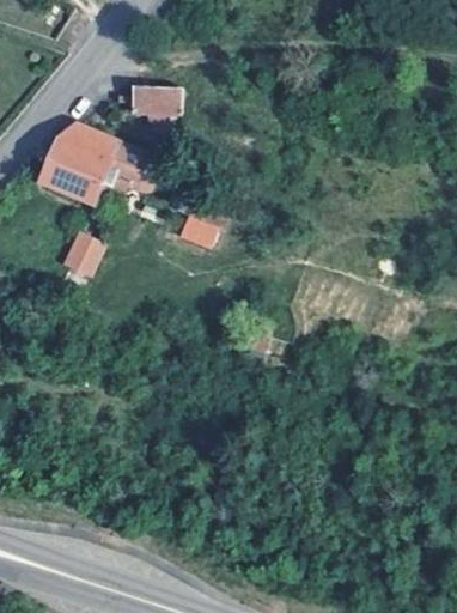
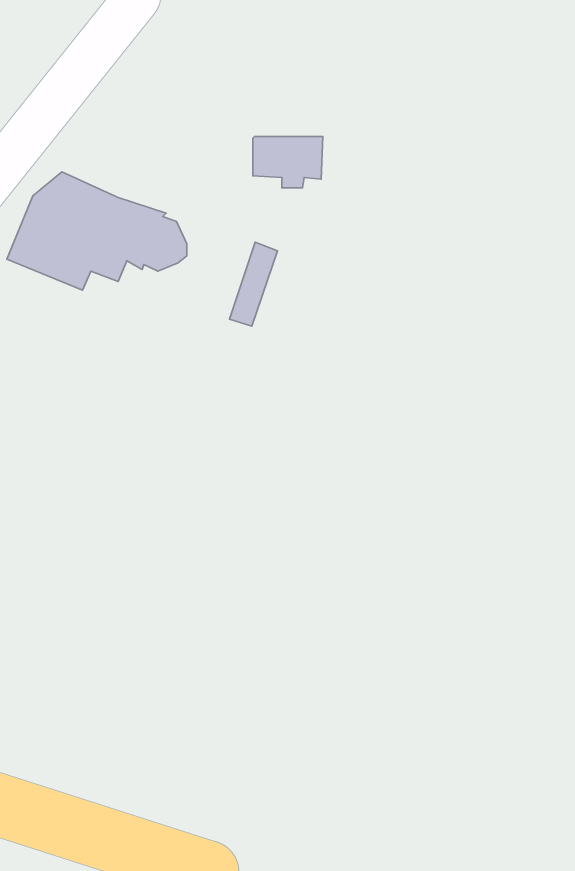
building: [132,86,181,122] -> [253,137,323,188]
building: [56,230,104,279] -> none

